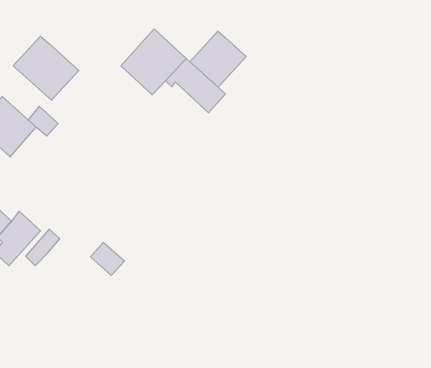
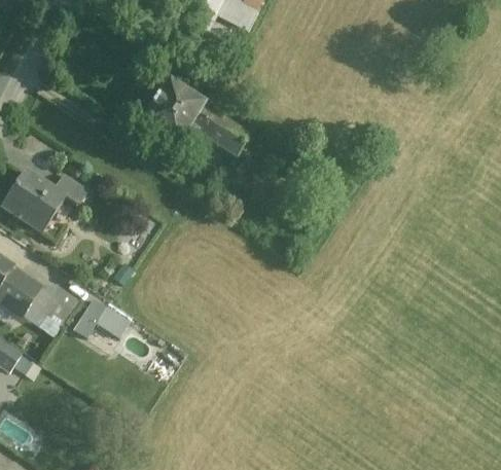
building: [190,31,246,87] -> none
building: [13,36,79,100] -> none
building: [91,243,125,275] -> [94,304,129,336]

